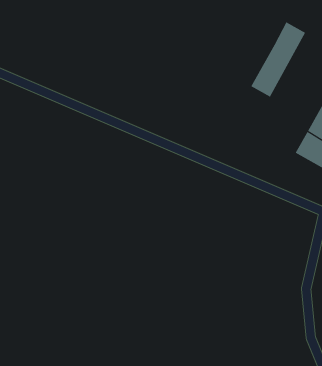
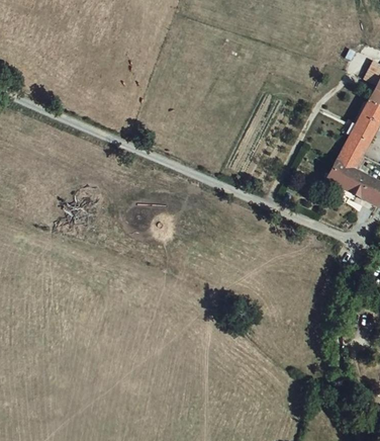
building: [250,22,306,97] -> none

